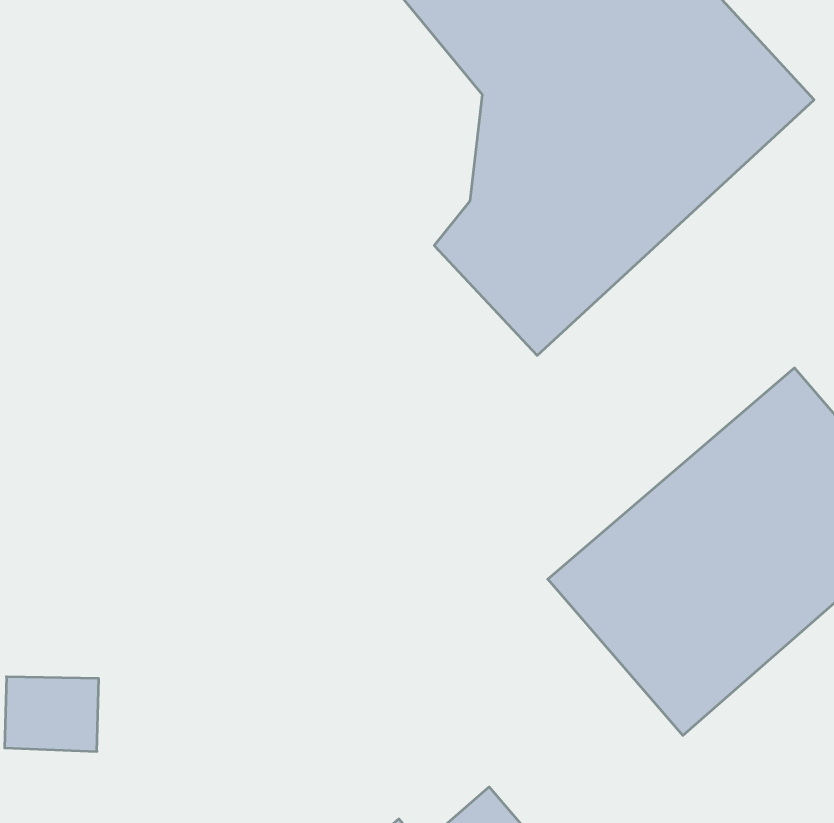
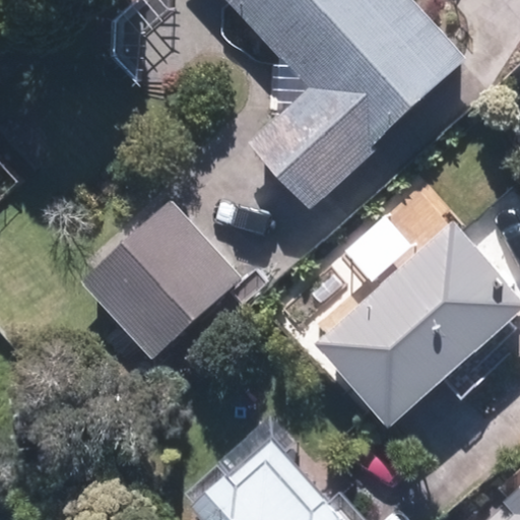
building: none -> [82,202,240,359]

